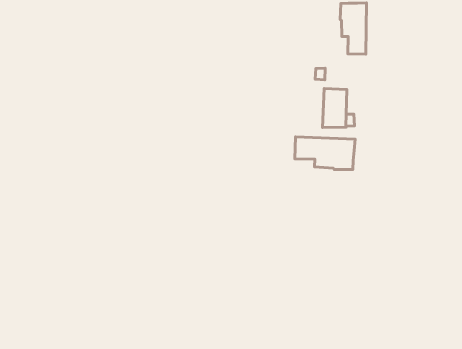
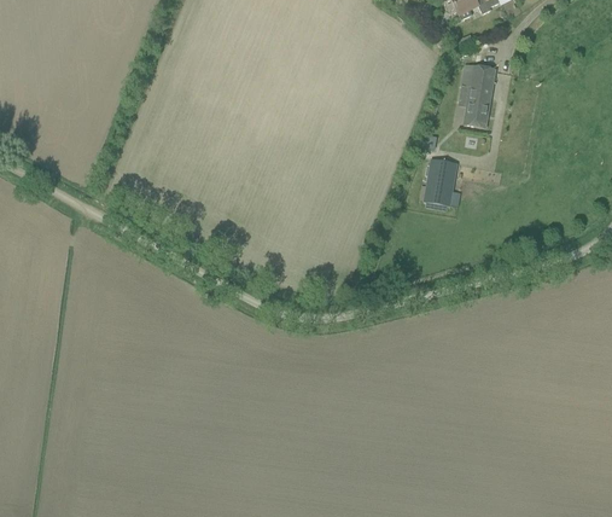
building: [295,137,355,170] -> none

